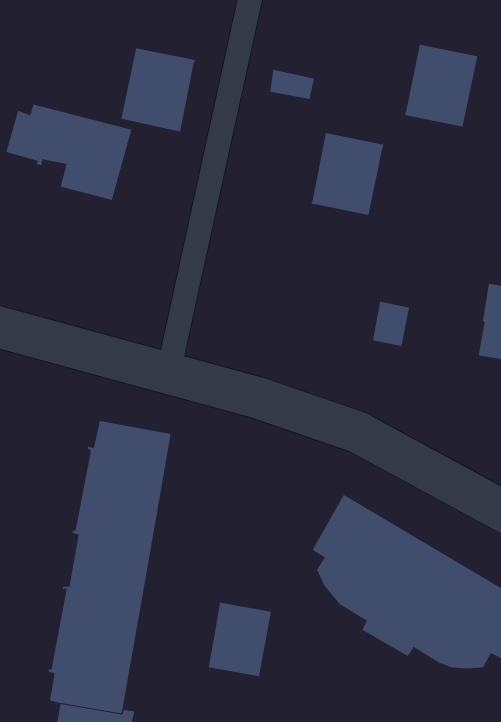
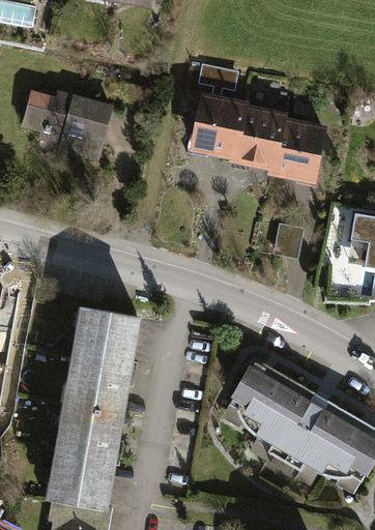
building: [404,44,478,127] -> [272,122,323,179]
building: [120,48,196,132] -> [193,98,244,156]
building: [208,602,272,677] -> none

